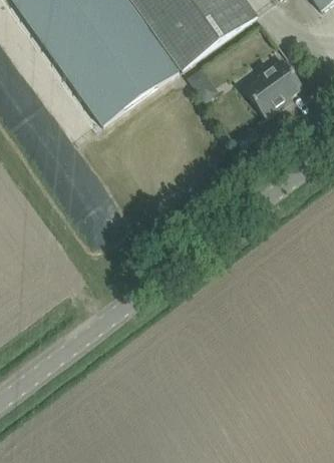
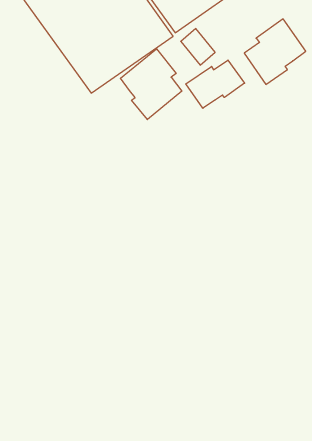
building: none -> [120,49,182,120]
building: none -> [186,60,245,108]

